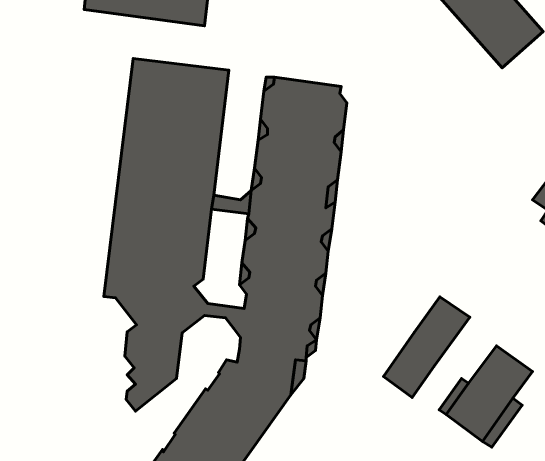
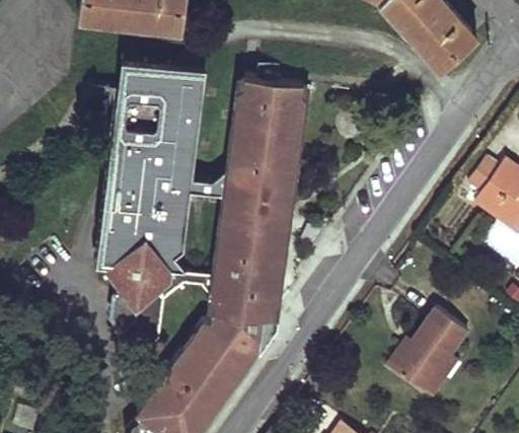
building: [383,297,470,397] -> none

